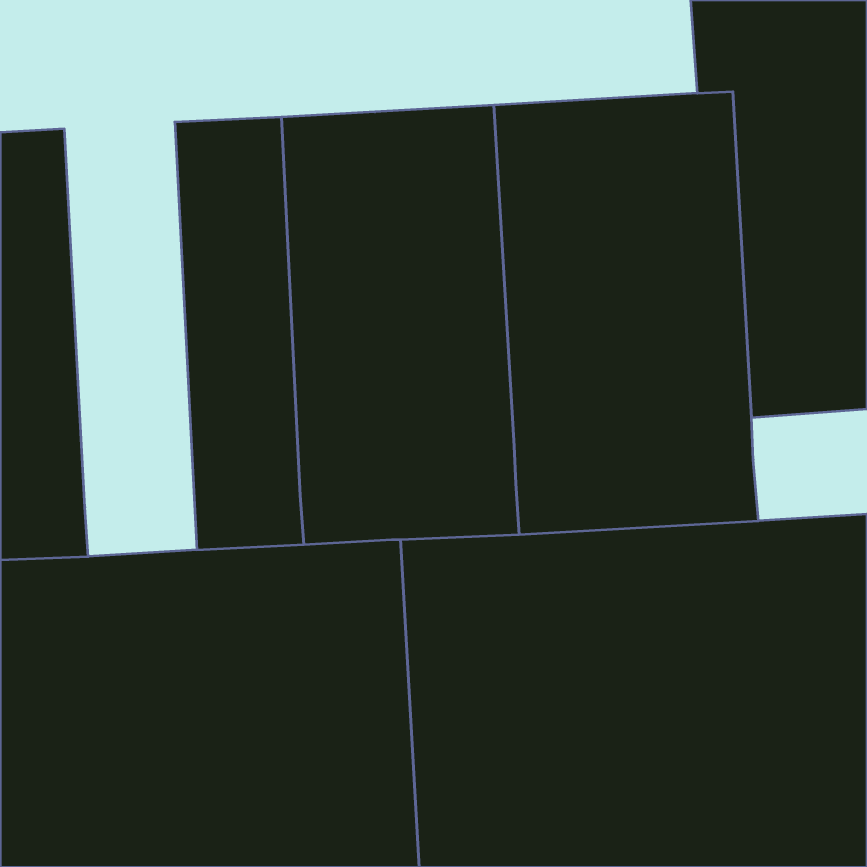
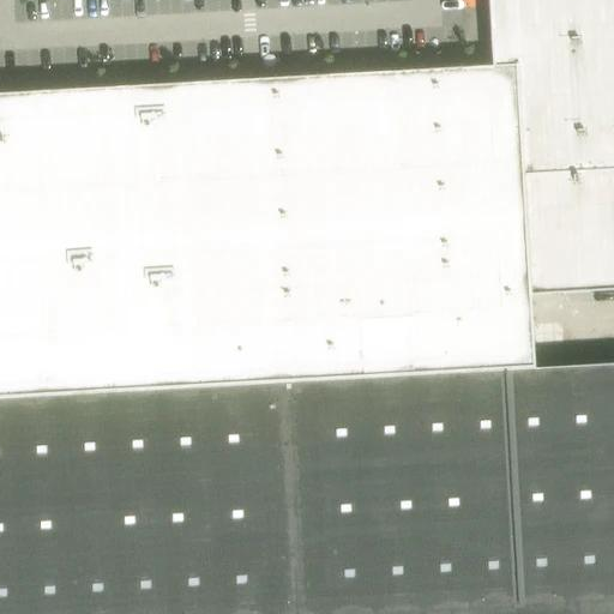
building: none -> [46,86,139,393]

